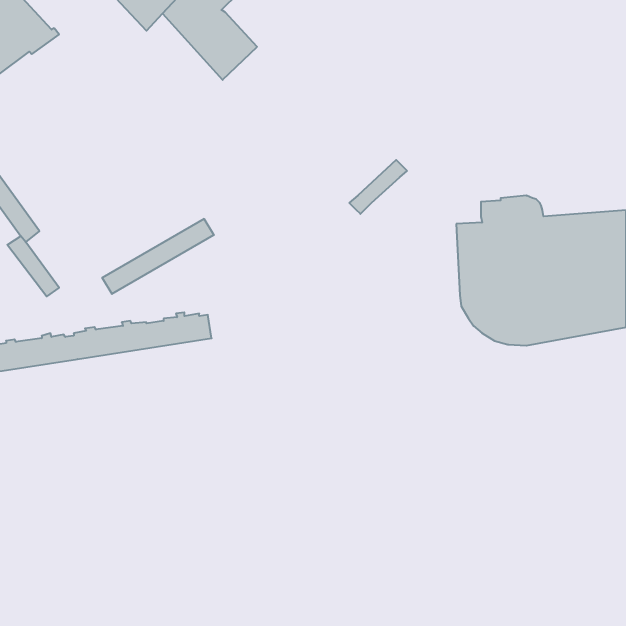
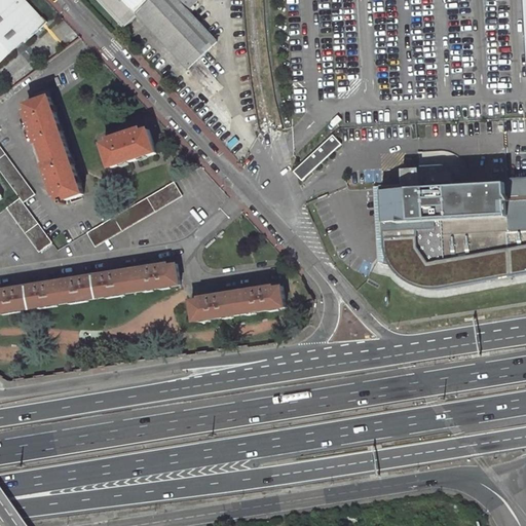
building: none -> [22,89,78,202]
building: none -> [100,129,153,168]
building: none -> [186,284,283,322]

